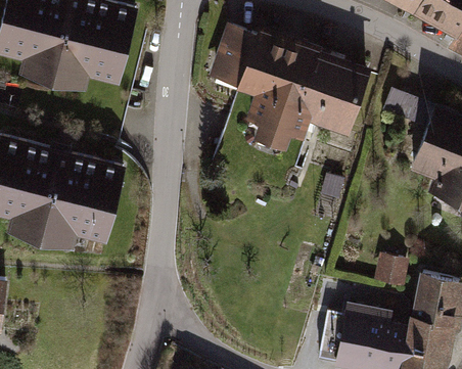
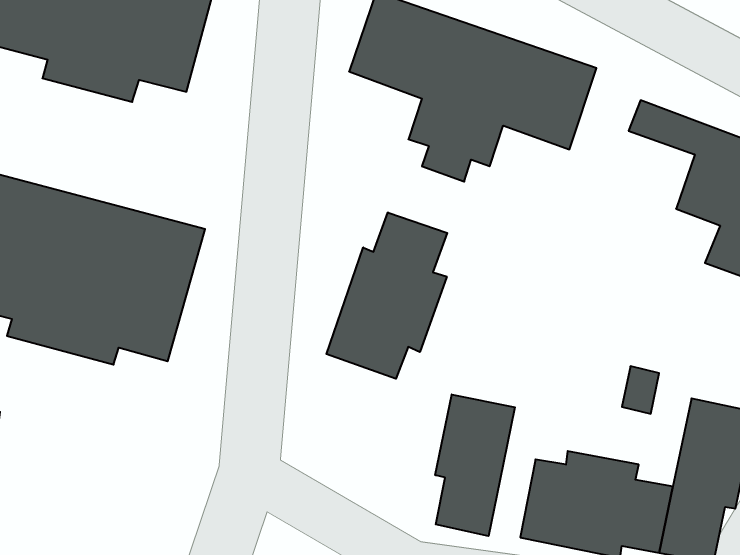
building: none -> [326,212,447,379]
building: none -> [435,394,515,536]

